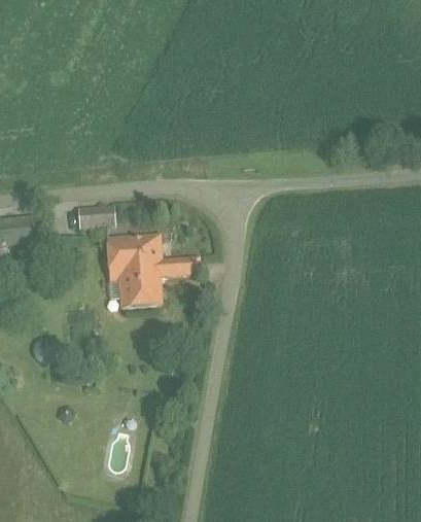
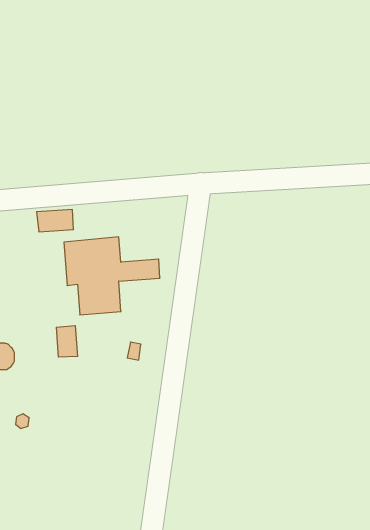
building: none -> [56,326,78,357]

